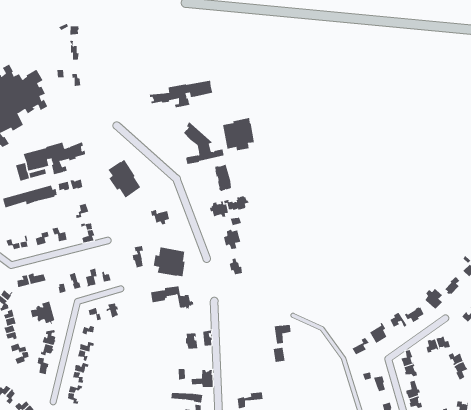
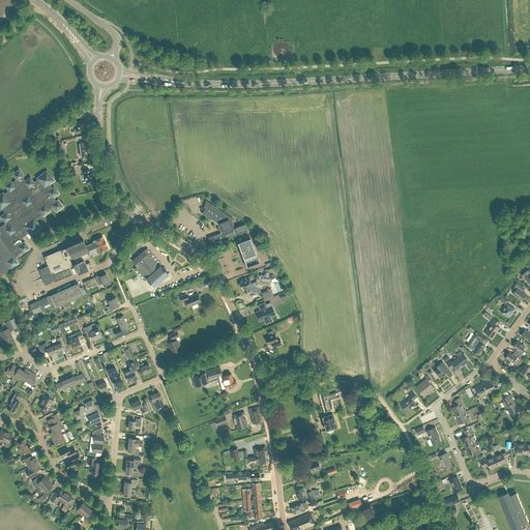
building: [149,80,213,108] -> none
building: [223,117,255,151] -> none
building: [153,247,185,277] -> none

